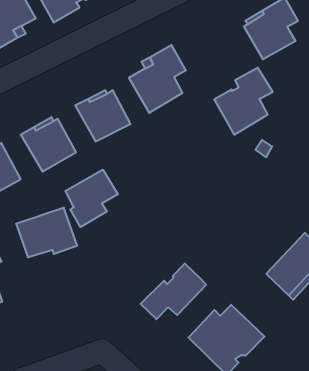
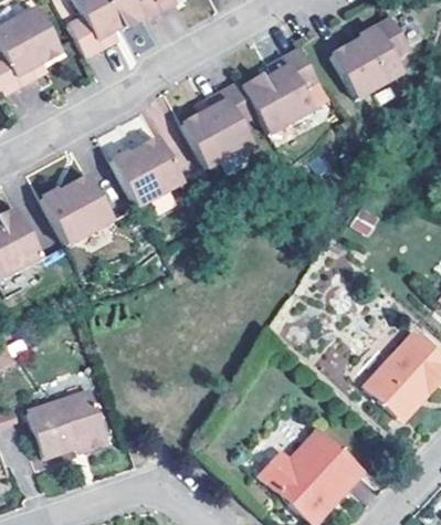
building: [214,68,273,135] -> [245,46,323,135]
building: [65,170,118,227] -> none
building: [16,208,77,257] -> [20,391,101,456]
building: [141,264,206,319] -> none

